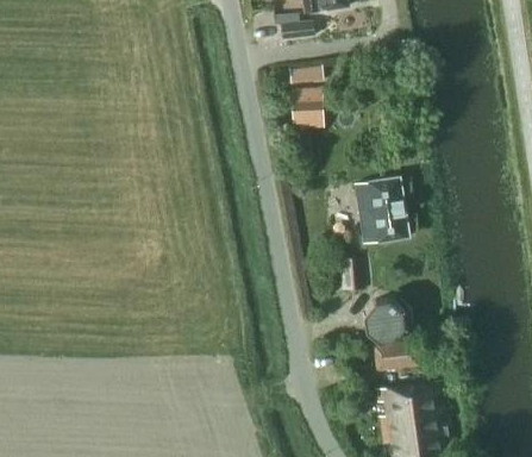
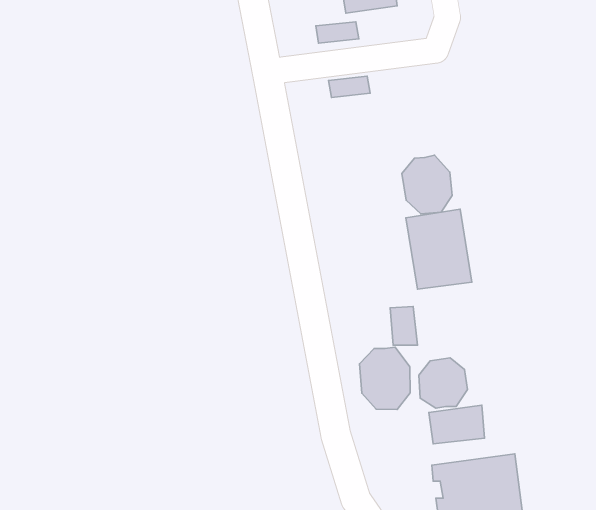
building: [292,88,324,127] -> none
building: none -> [402,155,452,214]
building: none -> [360,347,410,410]

